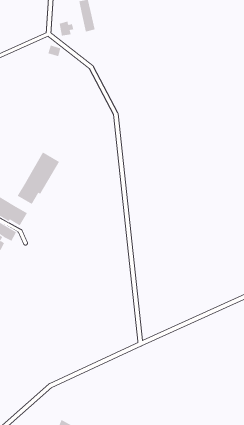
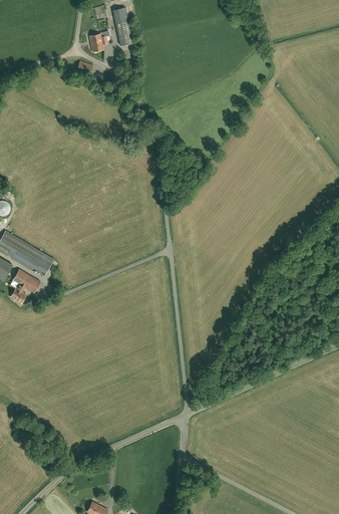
building: [17,152,60,205] -> none

